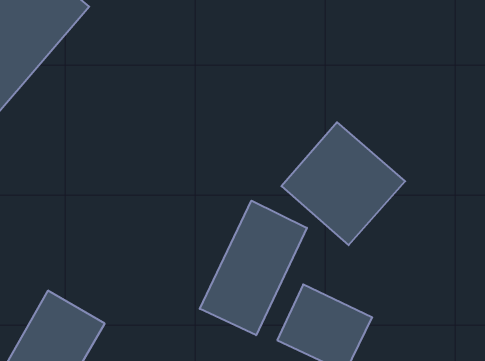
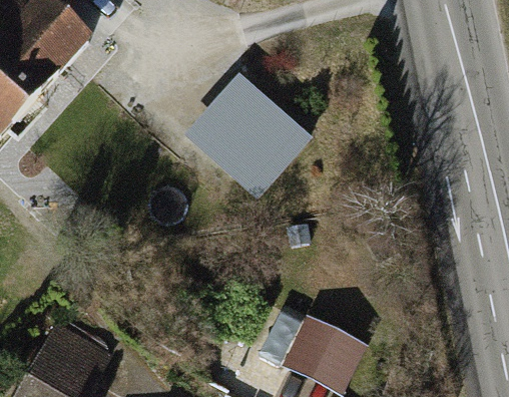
building: [281,122,405,245] -> [191,73,312,192]
building: [200,201,307,335] -> none

